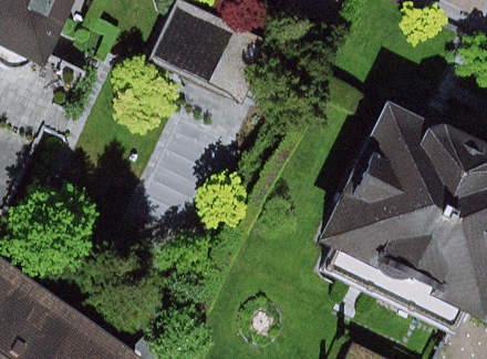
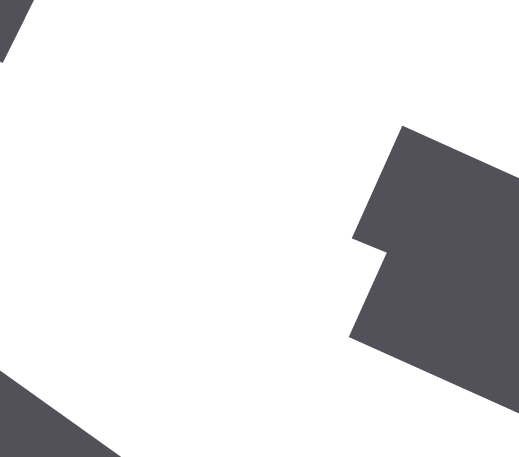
building: [151,10,271,104] -> none

